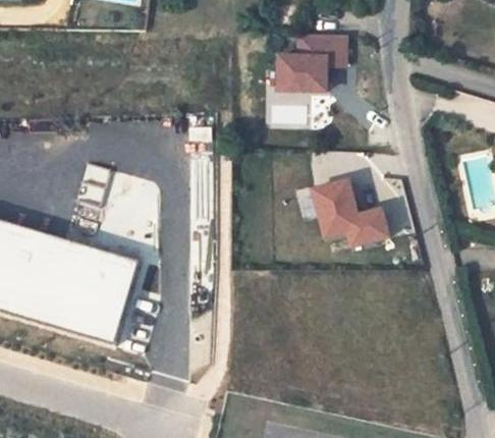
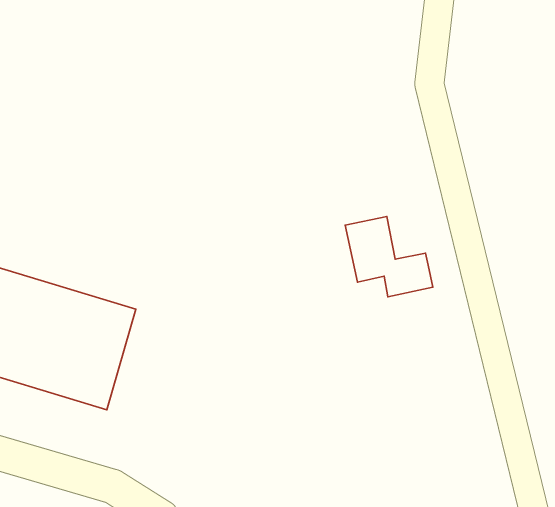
building: [279,34,348,93] -> none

